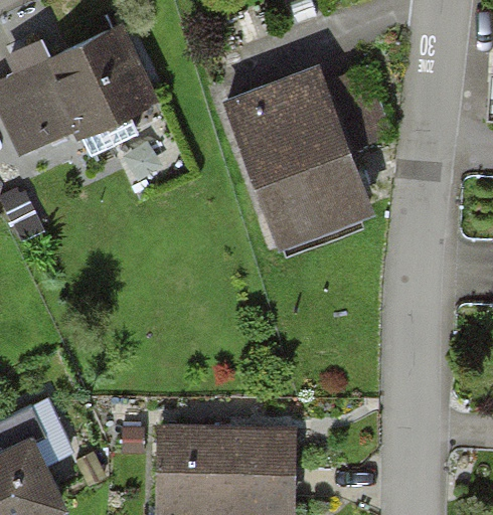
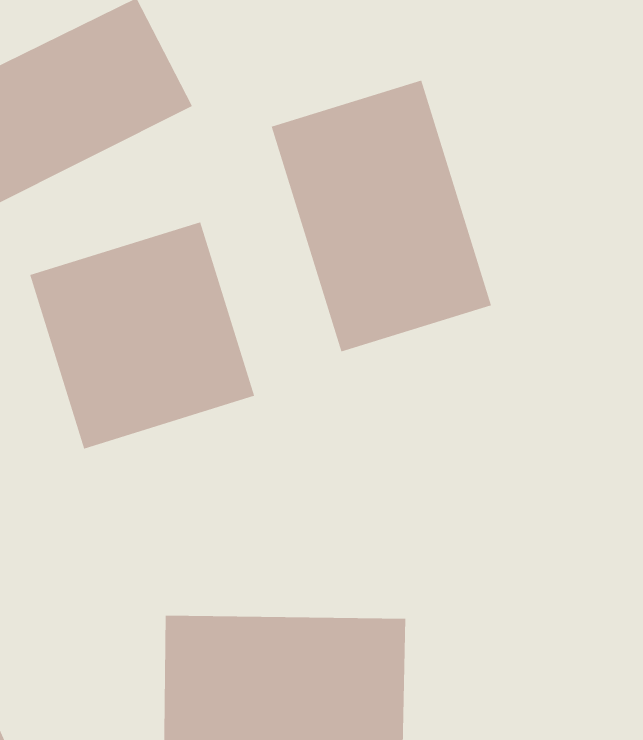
building: none -> [30,221,255,449]

